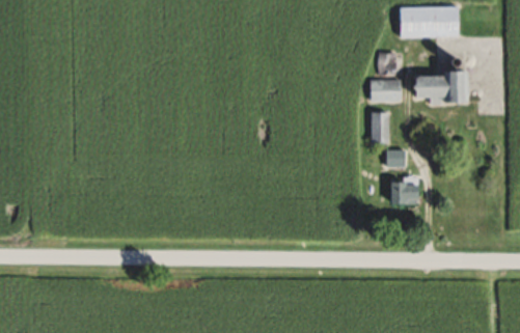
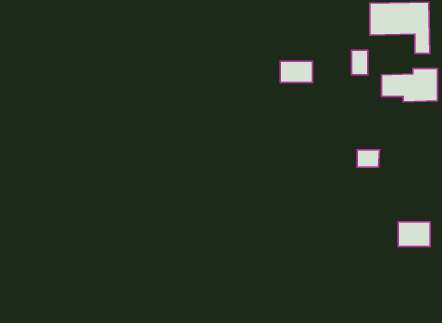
building: [372,80,403,101] -> [280,61,312,83]
building: [372,112,389,142] -> none
building: [389,178,420,202] -> [398,222,430,246]

